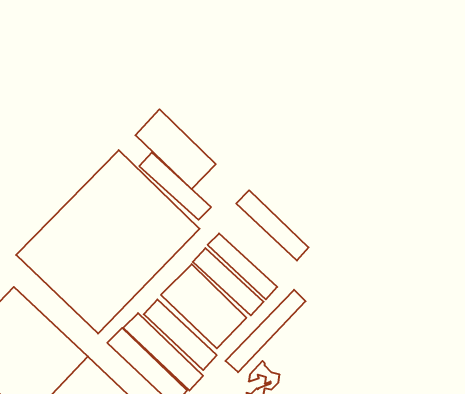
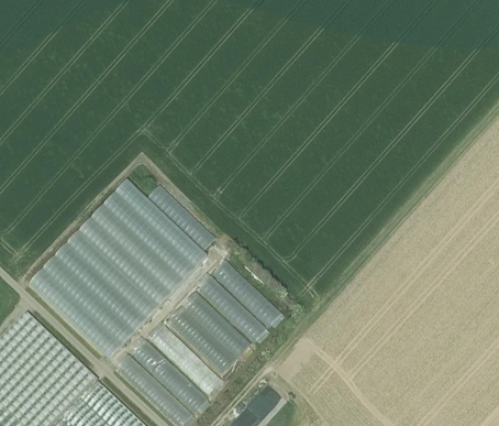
building: [135,109,216,189] -> none
building: [236,190,309,261] -> none
building: [225,290,306,372] -> none

